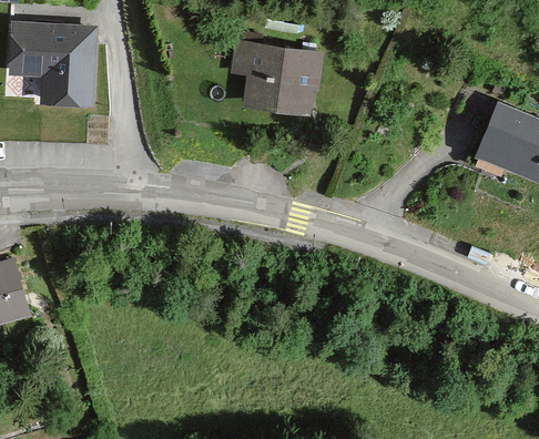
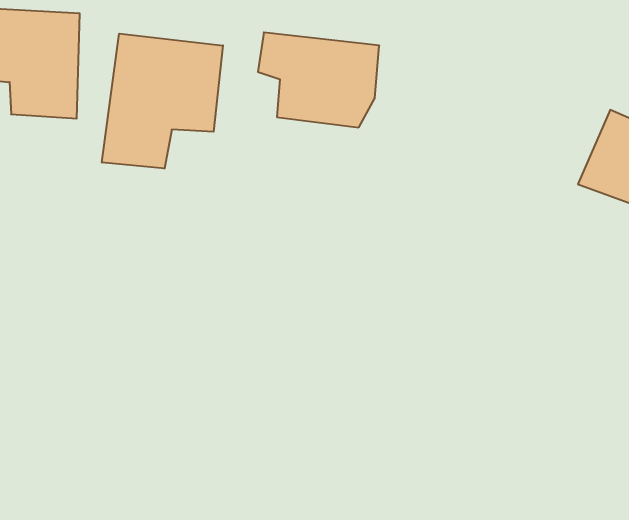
building: none -> [102,34,223,169]

